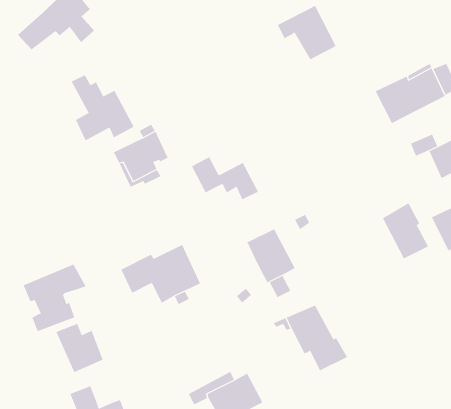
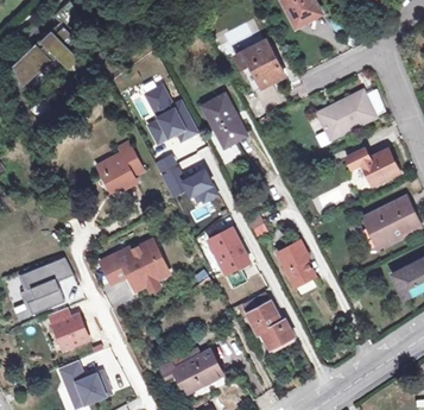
building: none -> [202,95,246,147]
building: [71,75,135,141] -> [145,88,198,144]
building: [382,203,429,259] -> [277,240,316,288]

